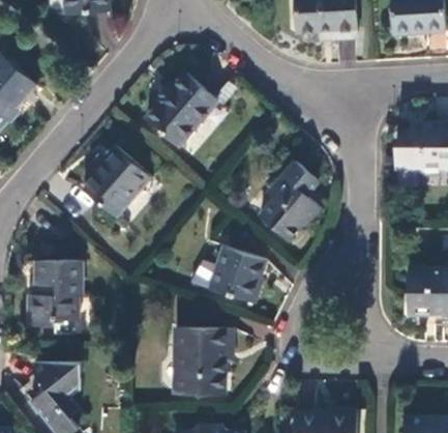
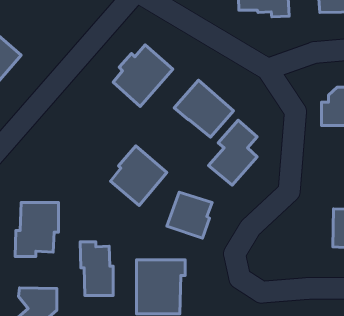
building: none -> [174,80,233,137]
building: [84,146,151,218] -> [111,146,167,206]
building: none -> [80,242,113,296]

